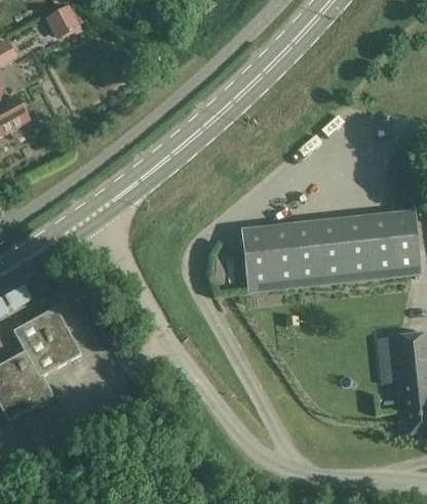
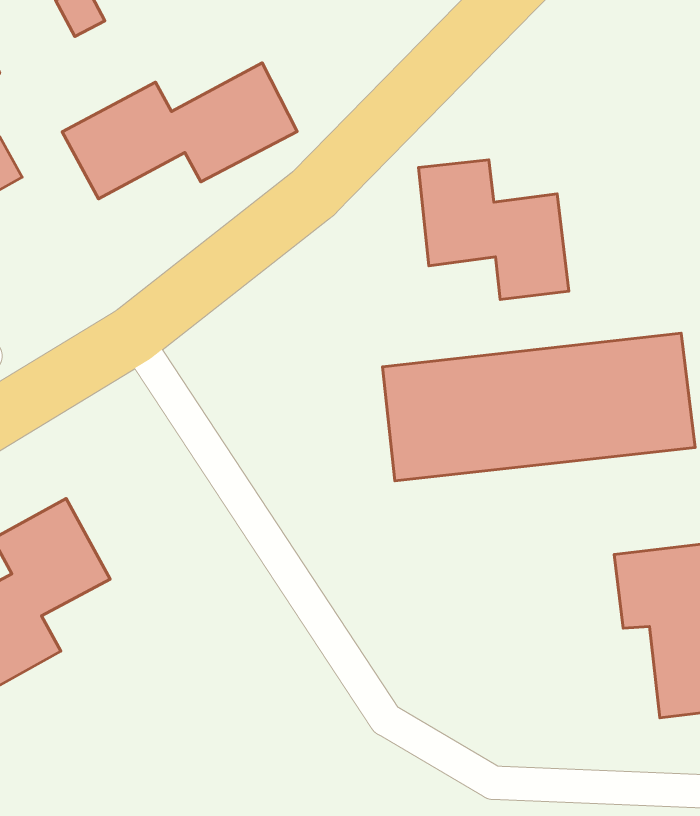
building: none -> [62,63,297,199]
building: none -> [418,160,569,299]

